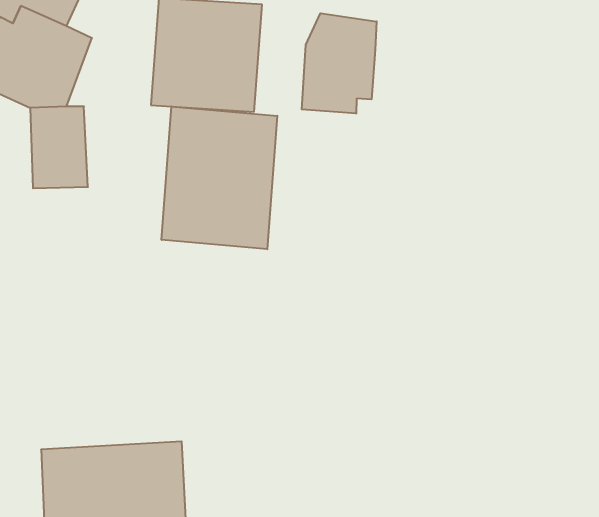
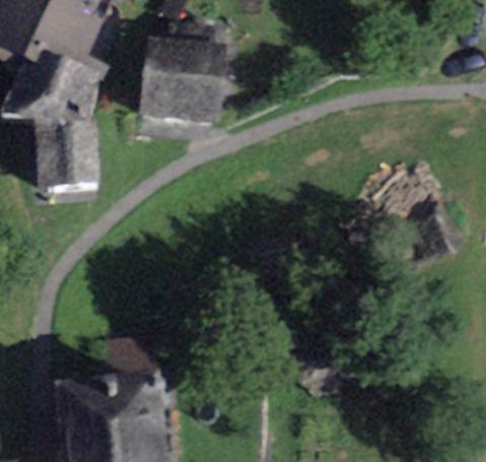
building: [302,13,377,114] -> none
building: [162,106,277,249] -> none

